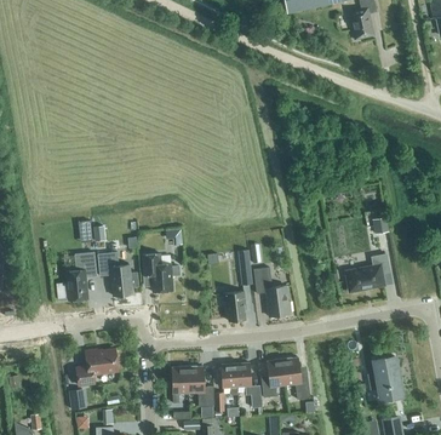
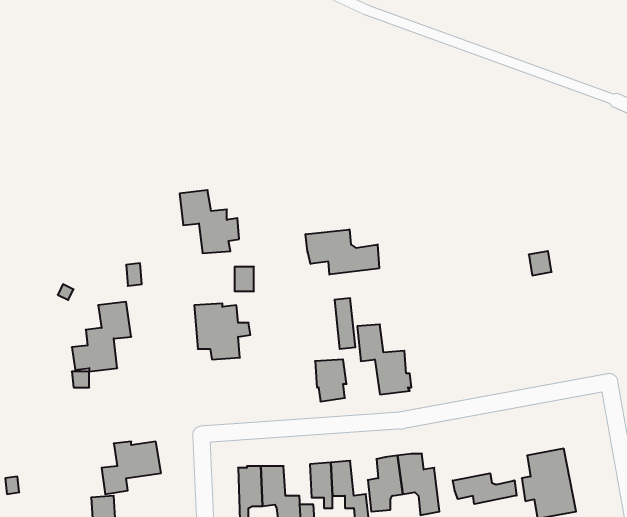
building: none -> [306,229,379,275]
building: [97,252,138,296] -> [180,190,239,253]
building: [345,254,389,292] -> none
building: none -> [453,473,517,504]

